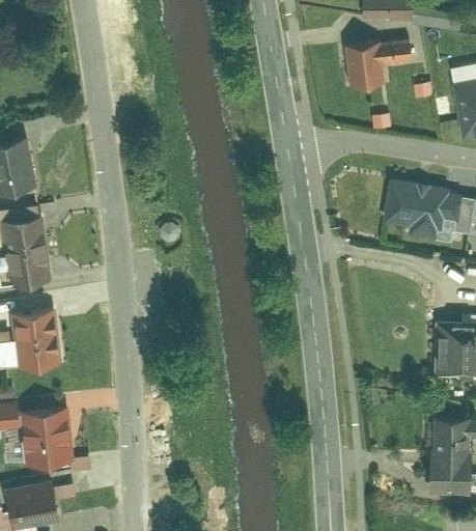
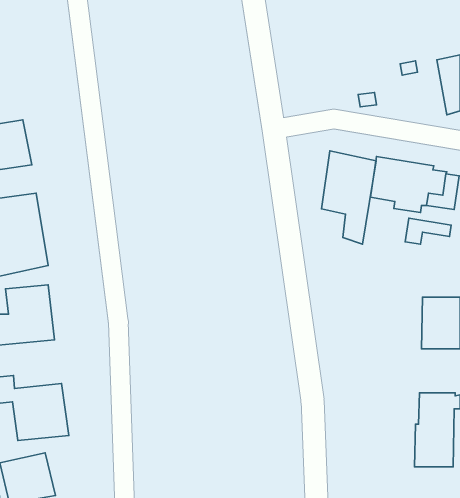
building: [343,40,410,83] -> none
building: none -> [321,151,376,244]
building: none -> [405,218,451,244]

